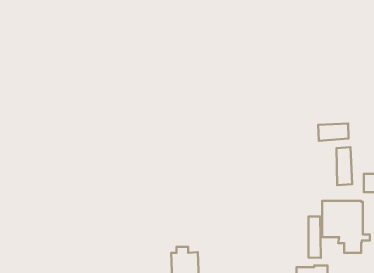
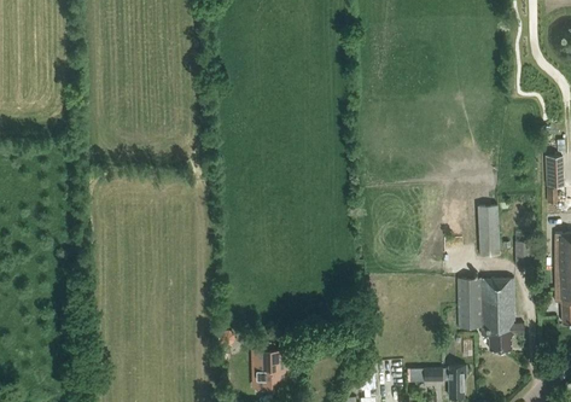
building: [318,123,349,141] -> none
building: [308,216,321,258] -> none

